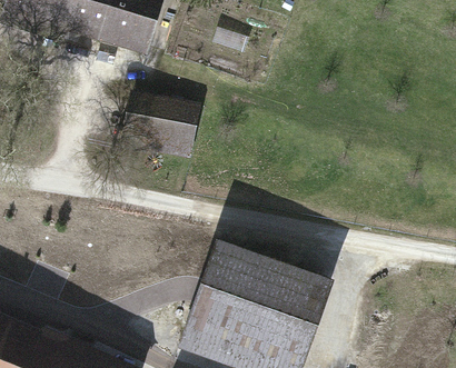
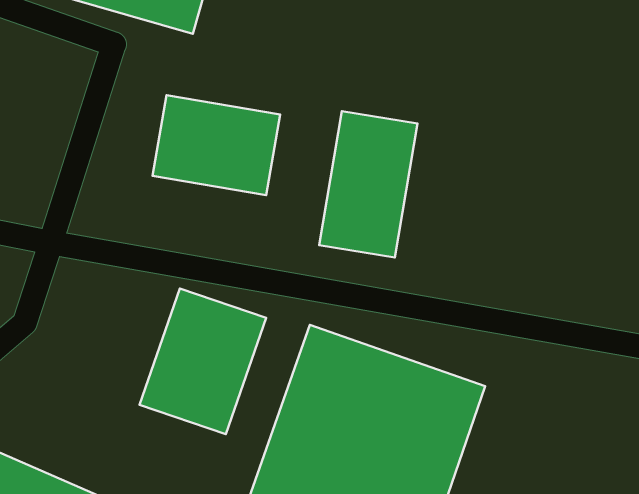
building: none -> [319,111,418,257]
building: none -> [139,288,266,434]

